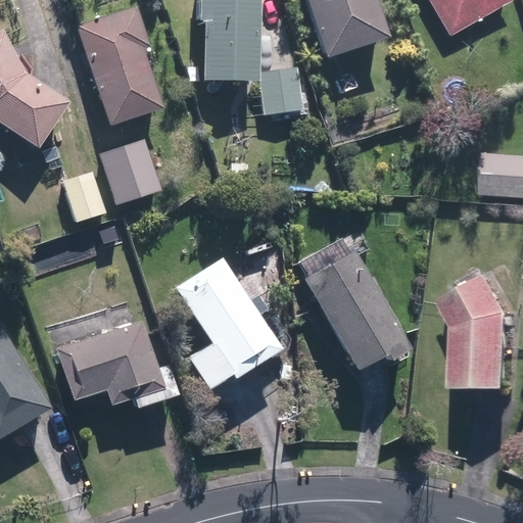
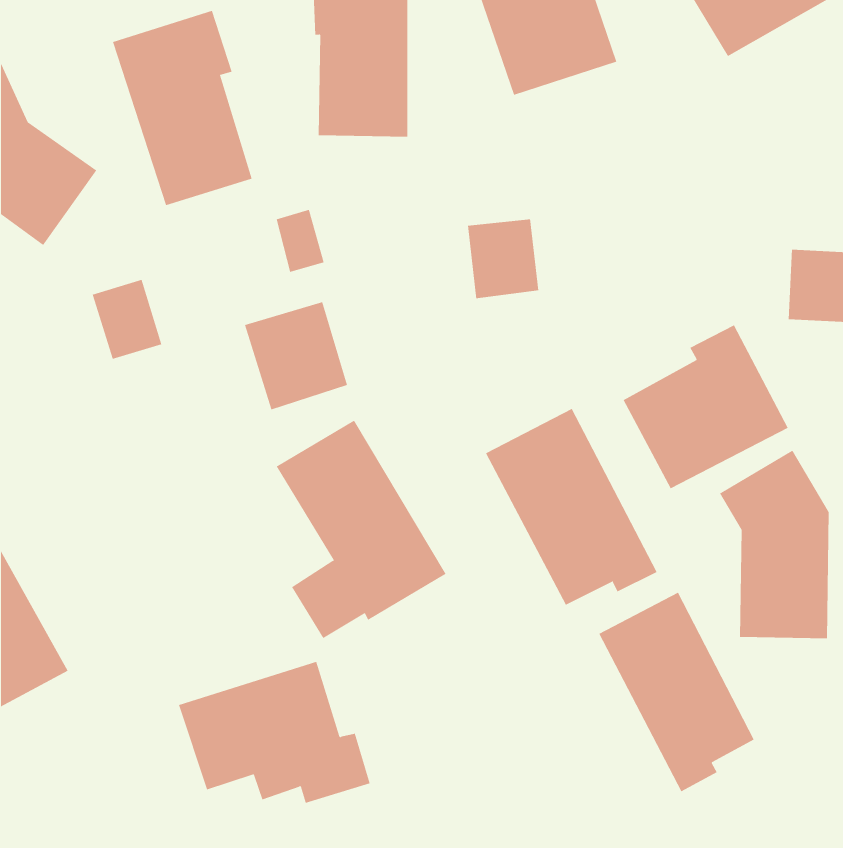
building: [262,65,305,114] -> [467,219,539,299]
building: [100,138,163,204] -> [244,301,348,410]
building: none -> [623,324,789,489]
building: [57,321,175,408] -> [178,661,370,803]
building: none -> [599,592,754,792]

